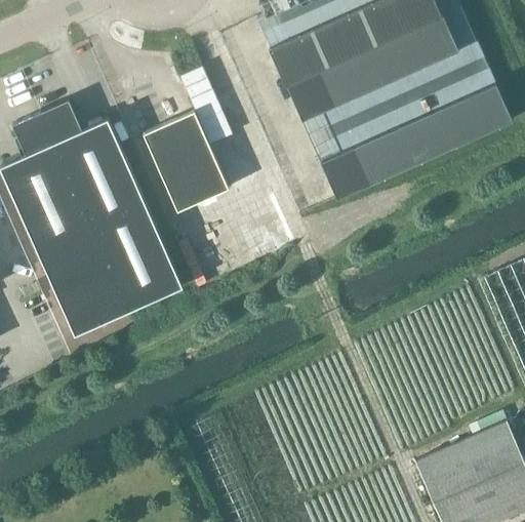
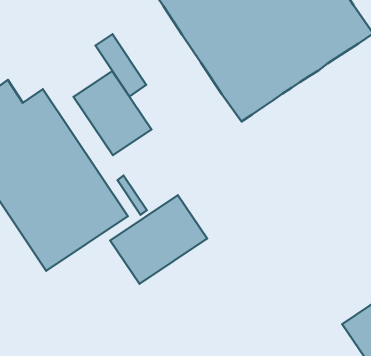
building: none -> [110,195,207,284]

